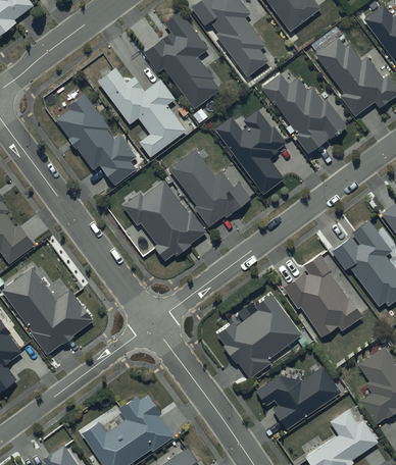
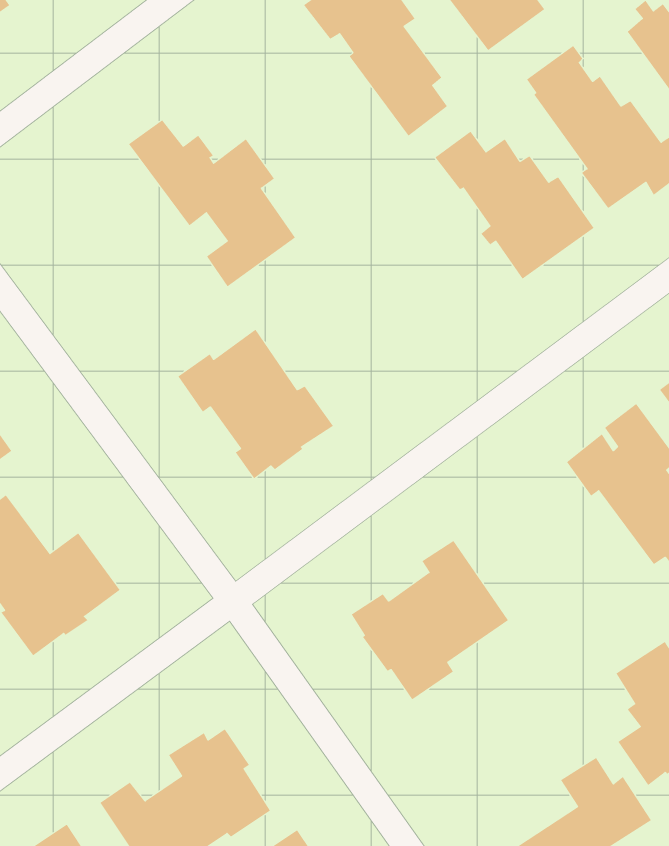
building: [143,10,220,108] -> none
building: [56,93,136,185] -> none
building: [214,109,287,195] -> none
building: [169,149,250,226] -> none
building: [285,254,363,337] -> none
building: [256,366,340,428] -> none

